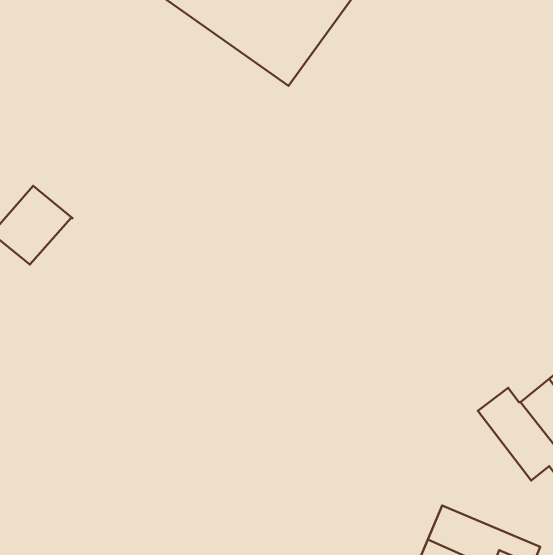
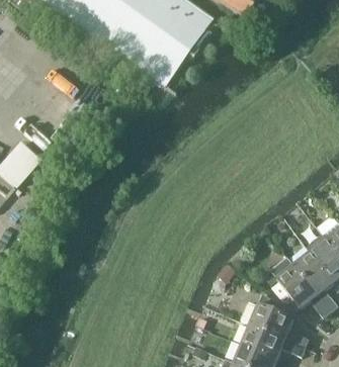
building: none -> [241,293,310,346]

